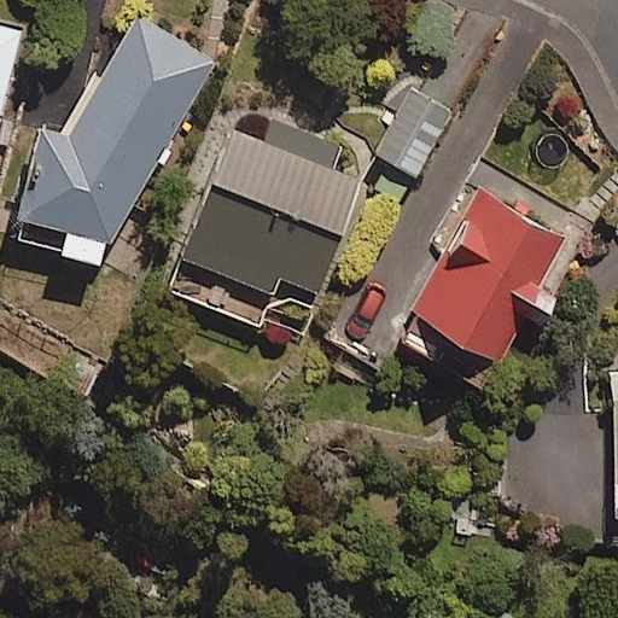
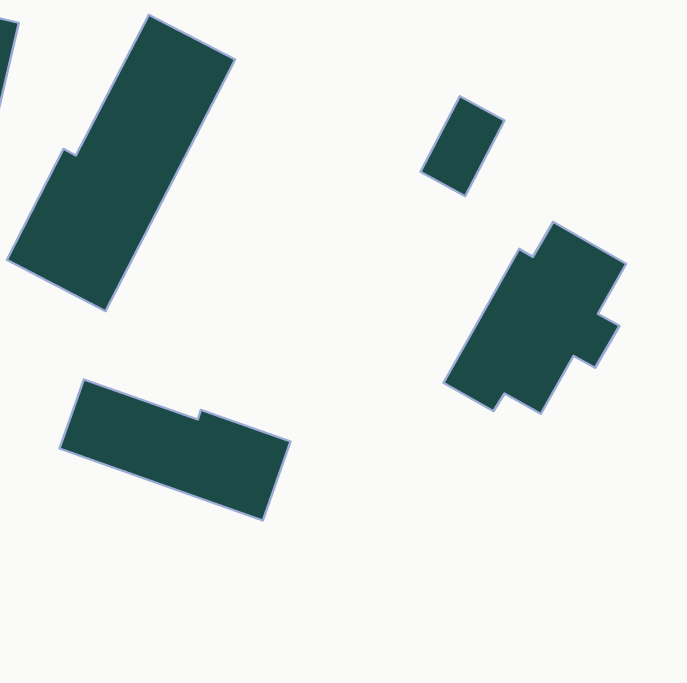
building: [187,118,360,298] -> none
building: none -> [59,380,290,521]

